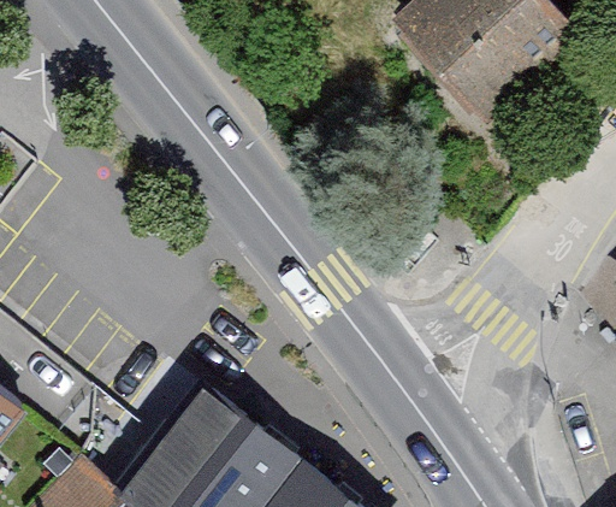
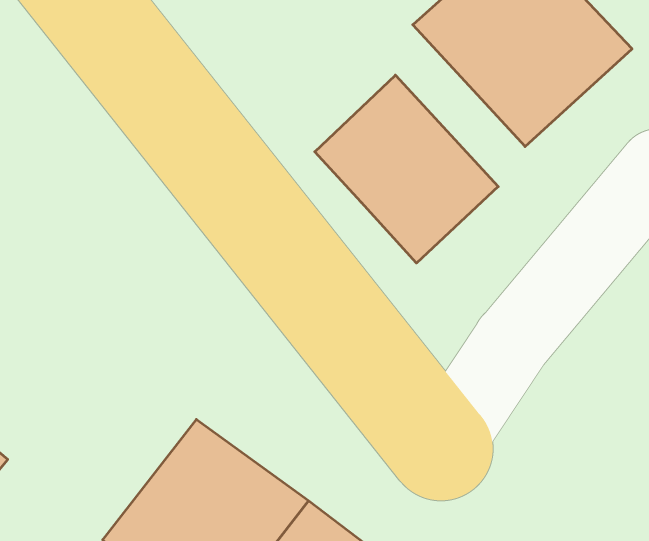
building: none -> [315,75,498,263]

